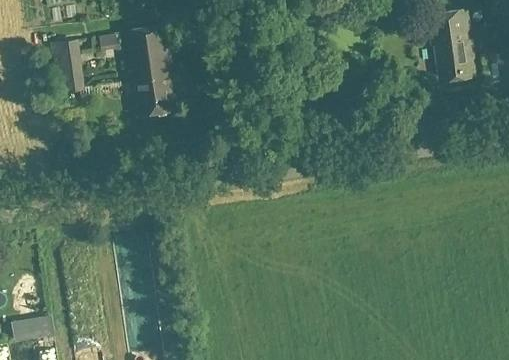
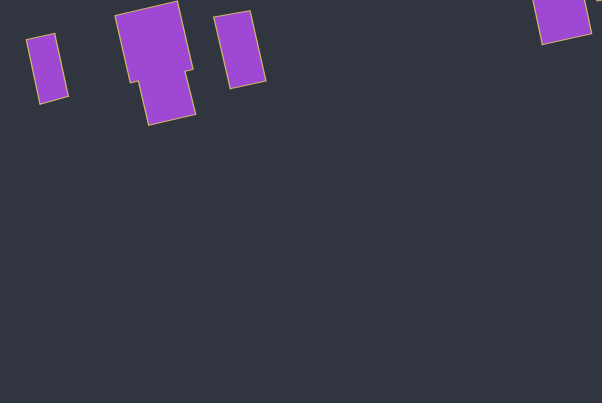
building: none -> [214,11,266,89]

